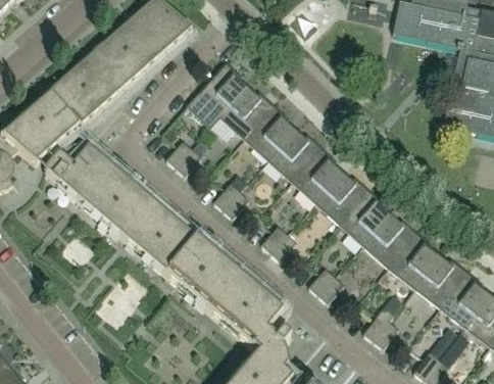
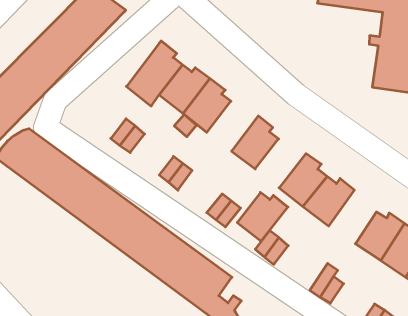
building: [266,130,322,182] -> none
building: [314,173,368,224] -> [237,192,288,241]
building: [387,232,438,288] -> none

